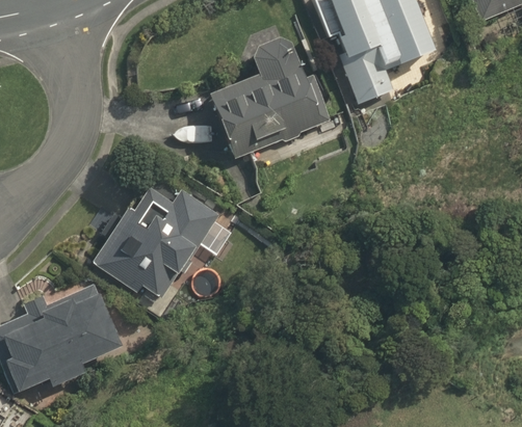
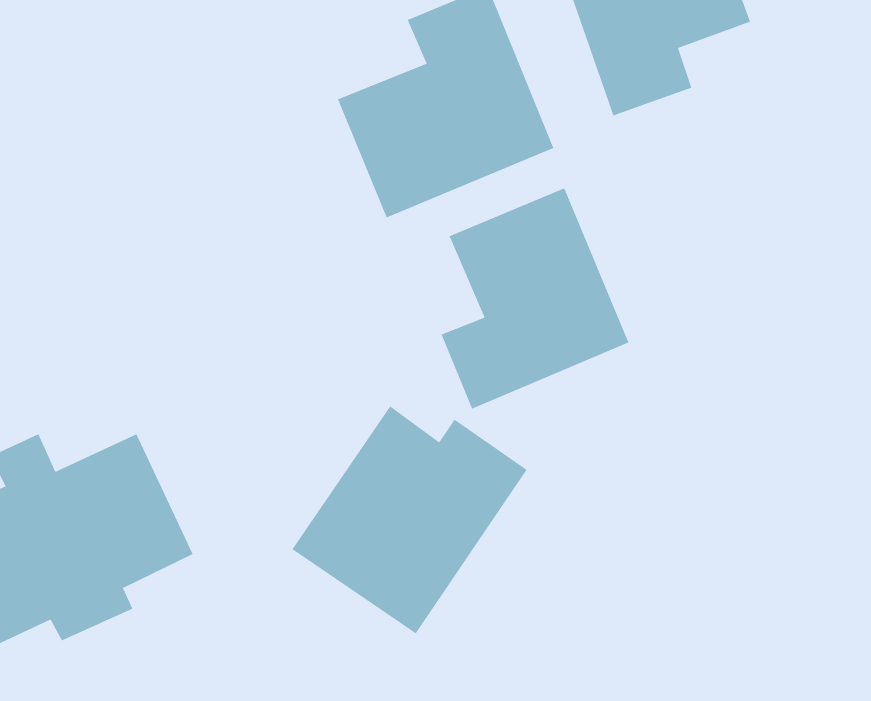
building: none -> [441,188,629,410]
building: [93,182,223,308] -> [292,406,528,634]

